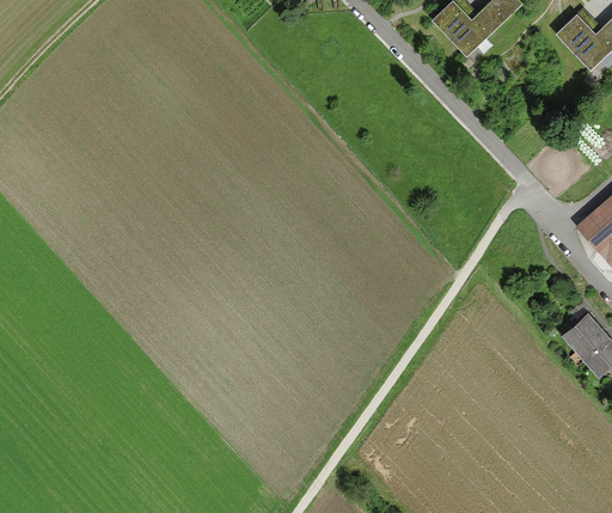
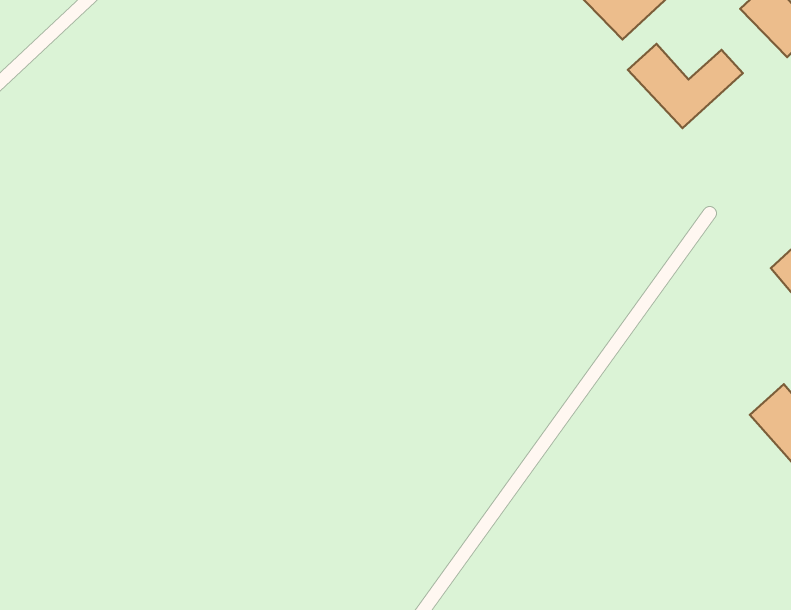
building: none -> [628,44,743,128]

